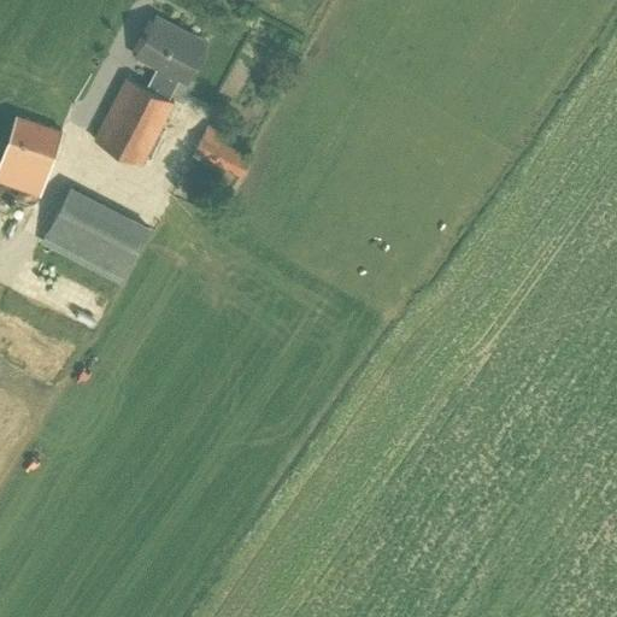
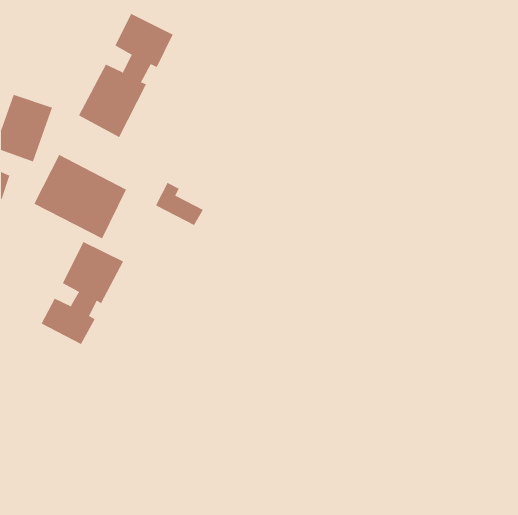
building: [194,128,252,180] -> [155,182,204,226]
building: none -> [41,241,124,345]

